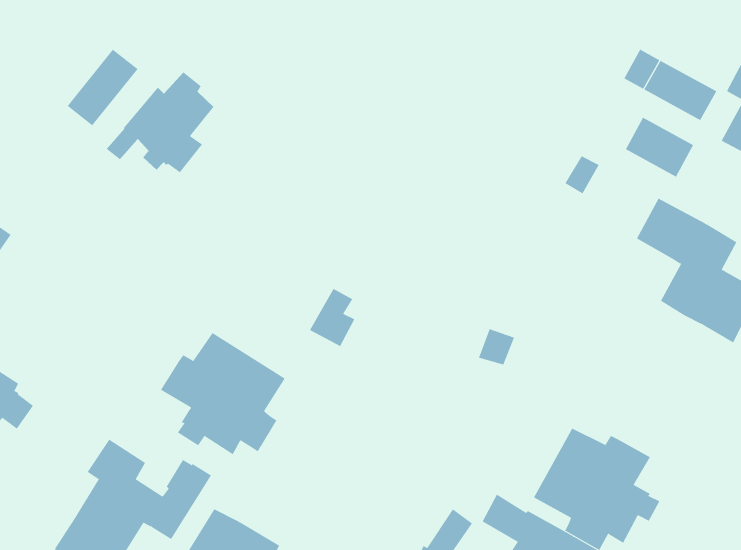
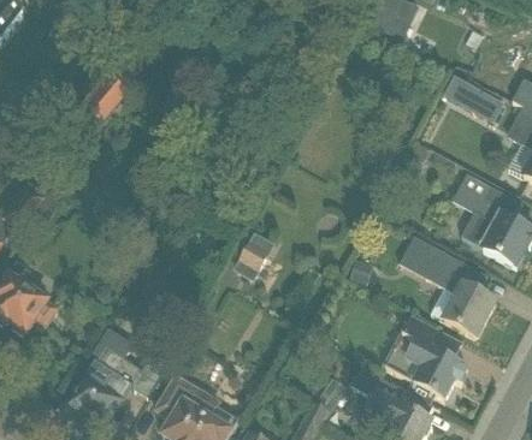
building: [106,71,214,173] -> none
building: [625,117,694,178] -> none
building: none -> [398,236,496,338]
building: [160,332,286,455] -> none

